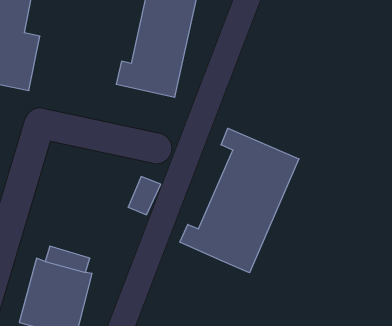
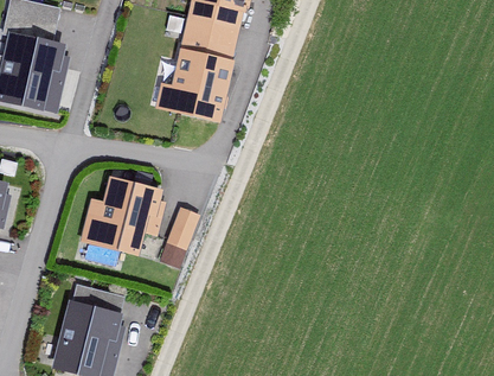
building: [180,128,299,273] -> none
building: none -> [81,172,162,253]

